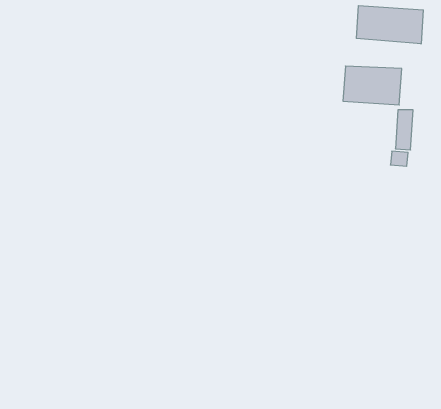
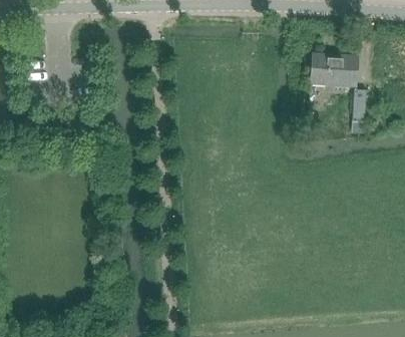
building: [356,6,423,44] -> none

